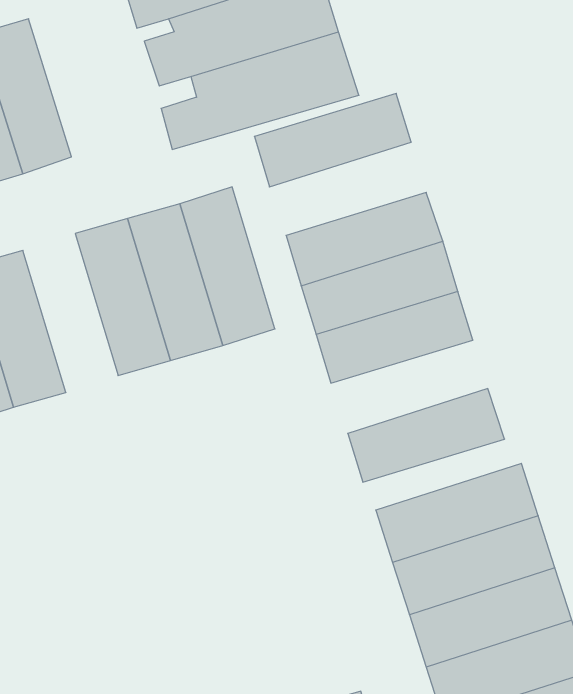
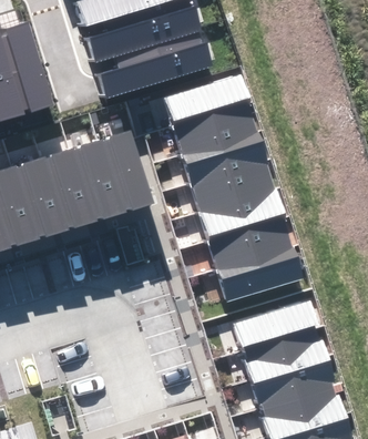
building: none -> [163,98,256,153]
building: none -> [17,152,73,246]
building: none -> [200,215,293,270]

